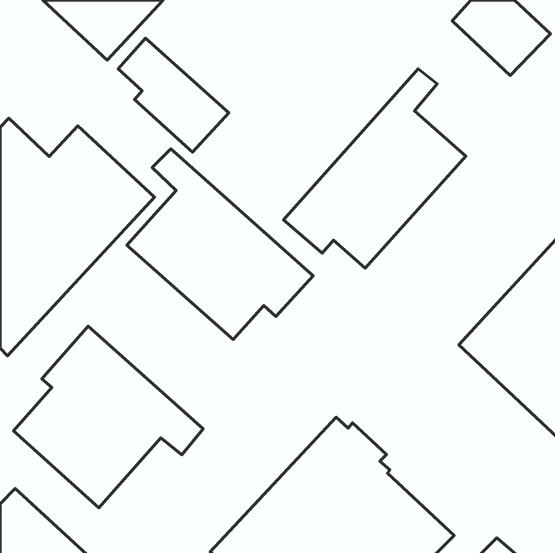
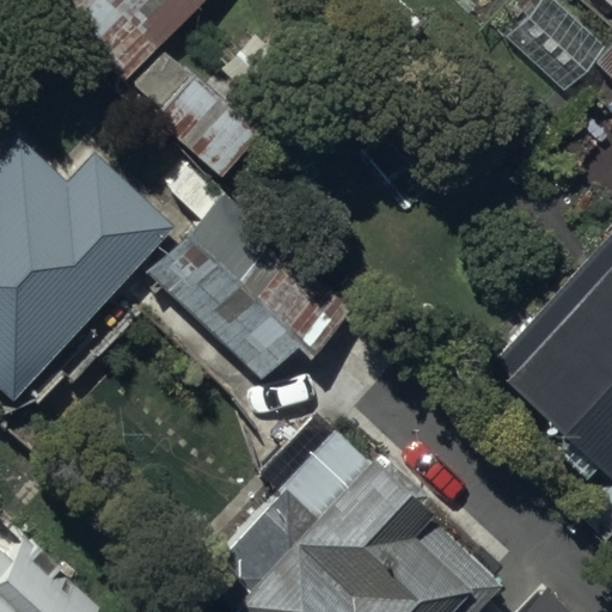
building: [283,69,466,268] -> none
building: [13,326,203,508] -> none

